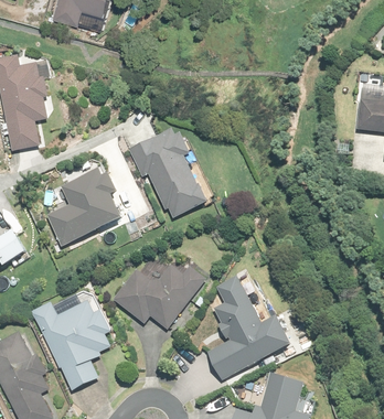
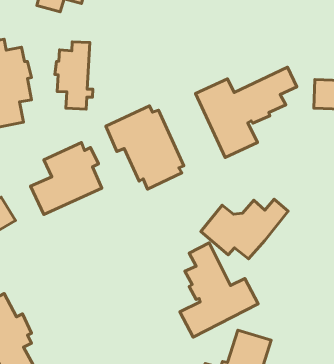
building: none -> [55,42,93,109]
building: none -> [195,67,297,157]
building: [113,264,207,329] -> [201,199,288,259]
building: [31,293,110,390] -> none

